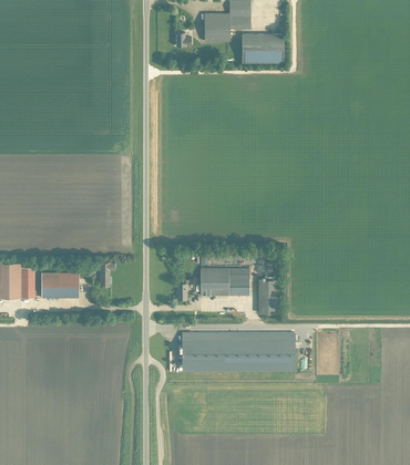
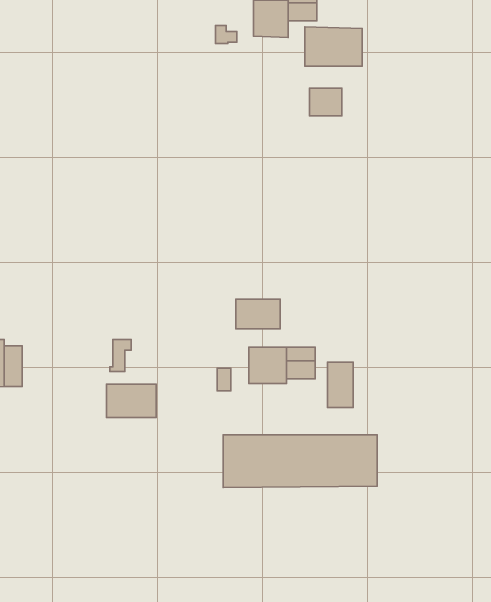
building: none -> [309,88,342,116]
building: none -> [236,299,280,329]
building: [41,272,78,297] -> [106,384,156,417]

